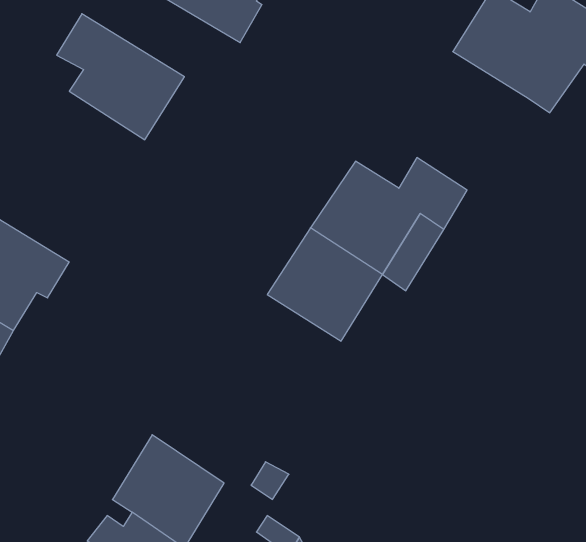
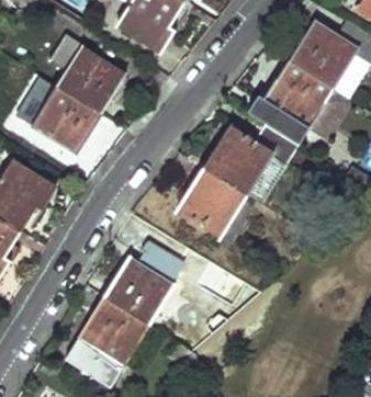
building: none -> [263,60,352,140]
building: none -> [31,84,101,152]
building: none -> [105,239,181,324]

